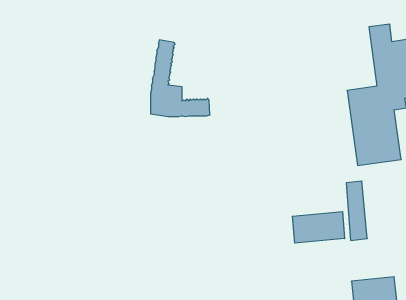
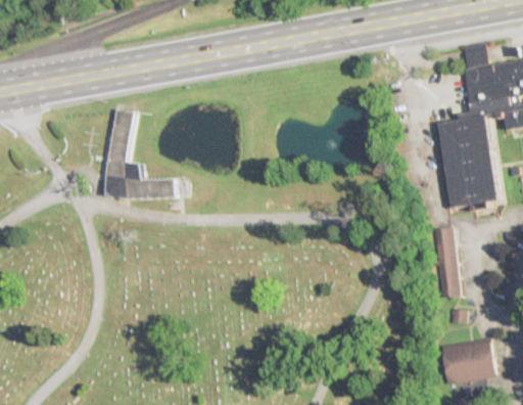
building: [151,40,210,117] -> [106,108,176,198]
building: [292,212,345,243] -> none

